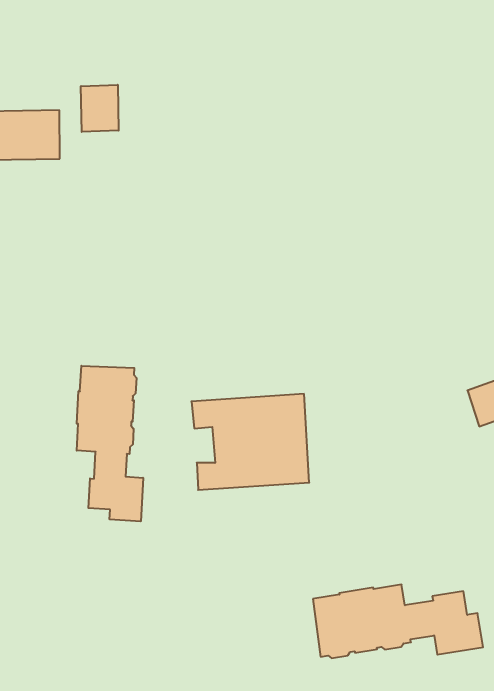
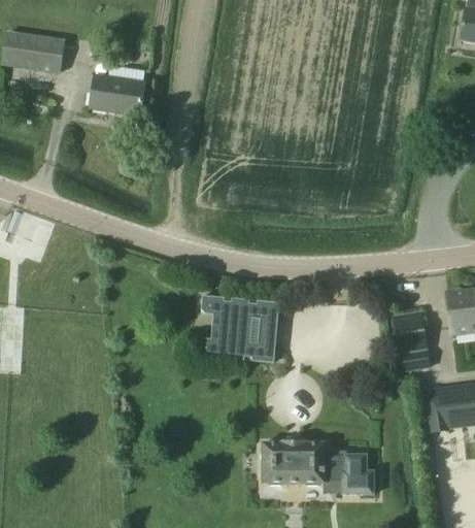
building: [81,85,119,132] -> none
building: [77,366,143,521] -> none

